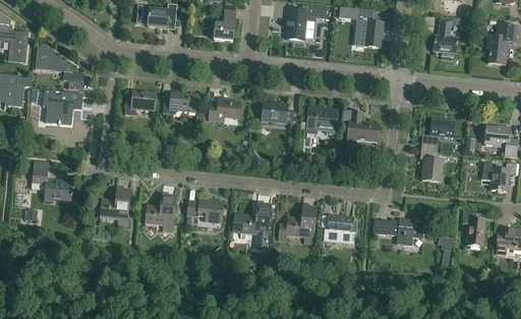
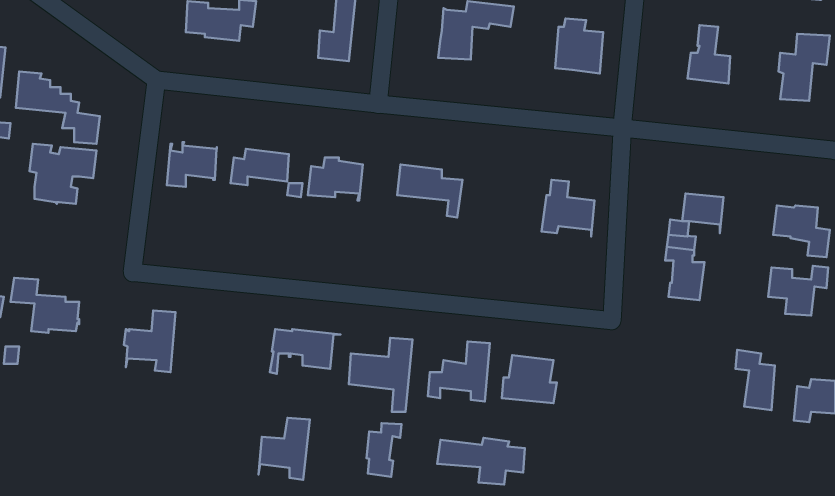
building: [305,106,337,140] -> none
building: [144,194,175,230] -> [258,418,310,480]
building: [371,217,423,245] -> [437,438,525,484]
building: none -> [367,423,402,477]

